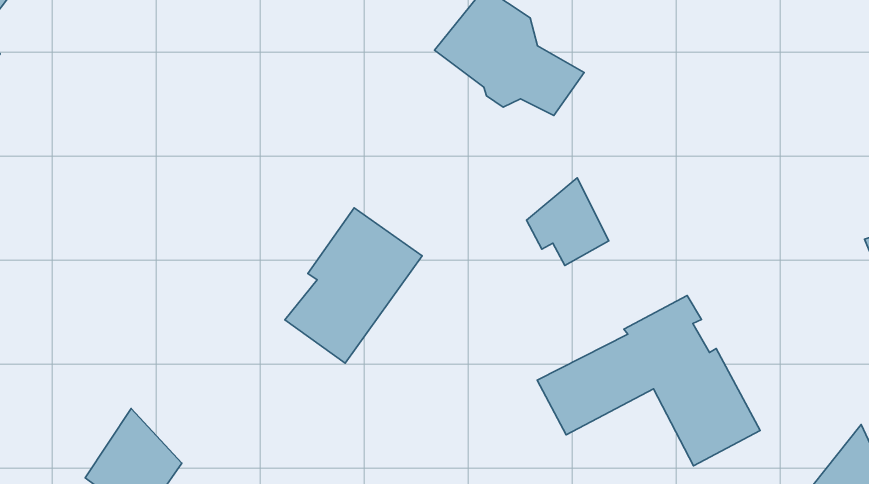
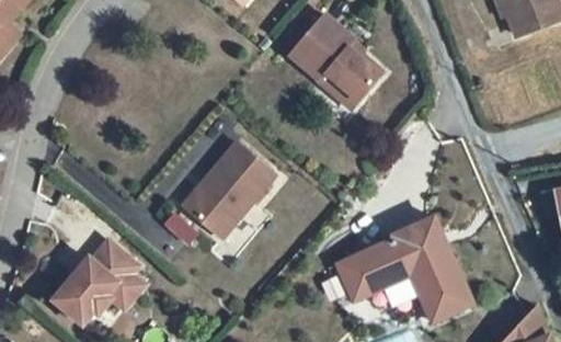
building: [526,178,609,266] -> none
building: none -> [87,243,145,298]

